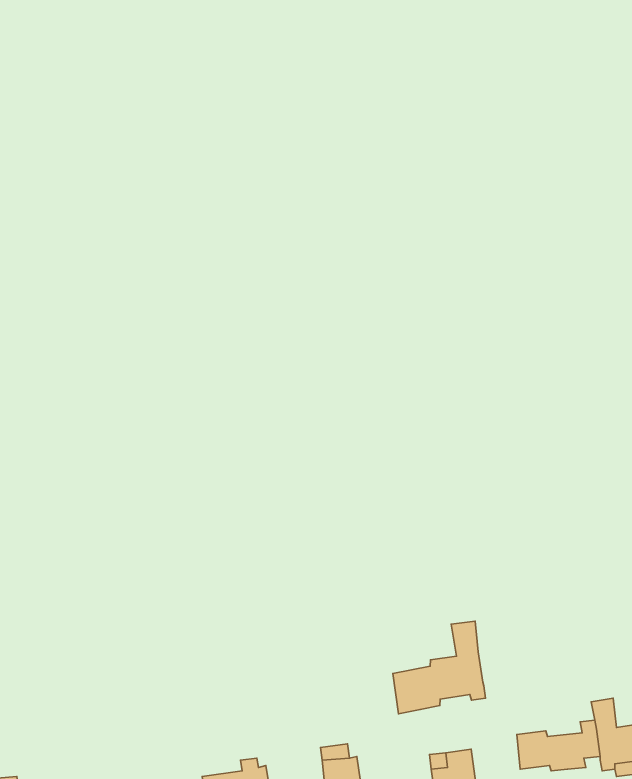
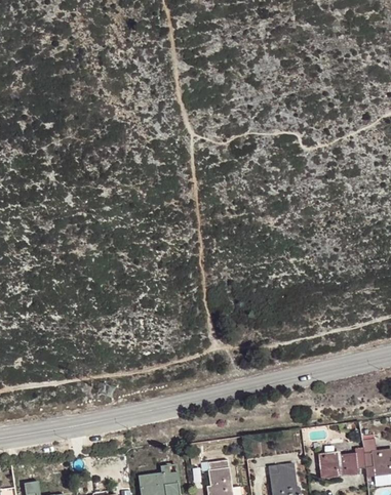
building: [393,621,486,714] -> none

